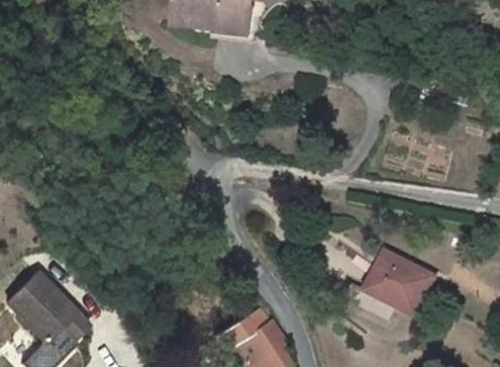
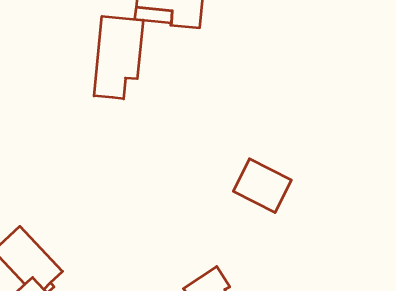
building: none -> [94,16,143,99]
building: [367,251,435,314] -> [233,159,291,213]

